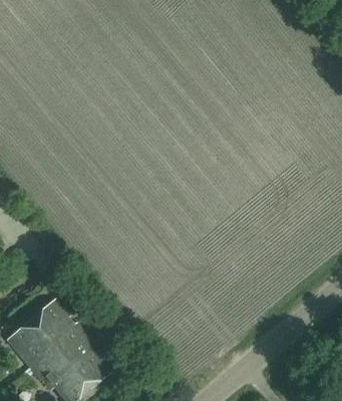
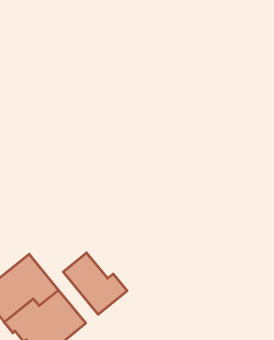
building: none -> [63,253,127,314]

